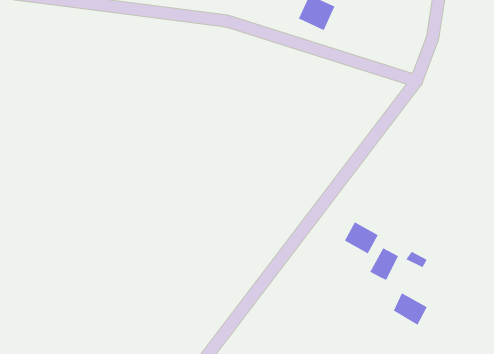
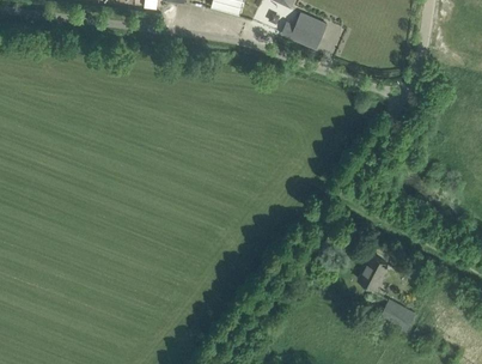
building: [344,221,379,255] -> none

